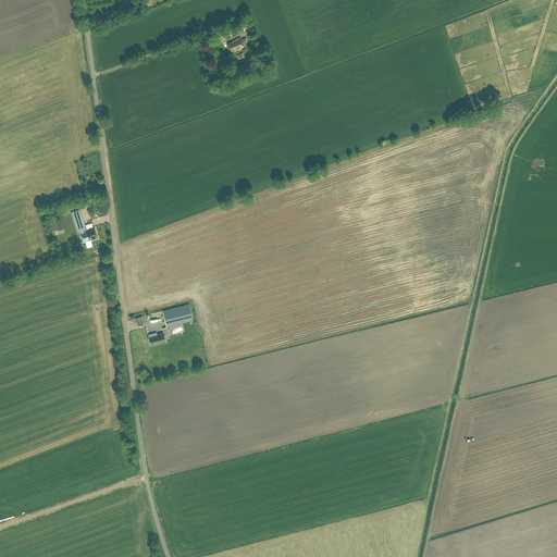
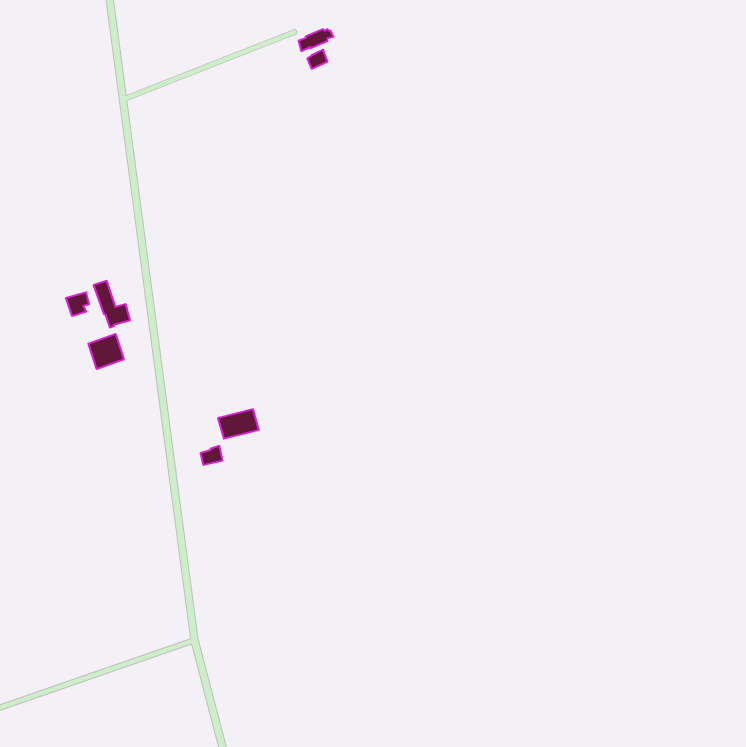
building: none -> [88,334,124,369]

